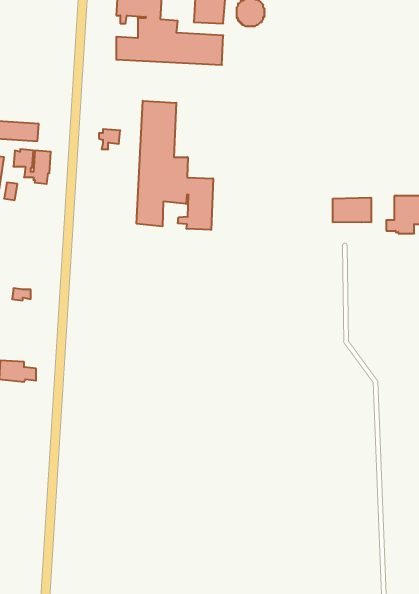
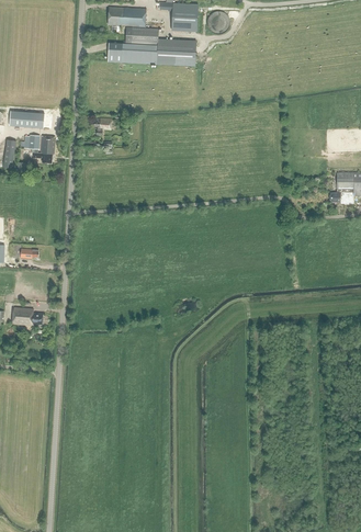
building: [137,101,213,230] -> none
building: [333,198,371,222] -> none

